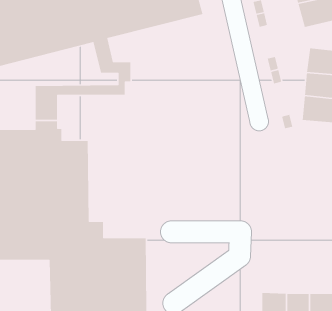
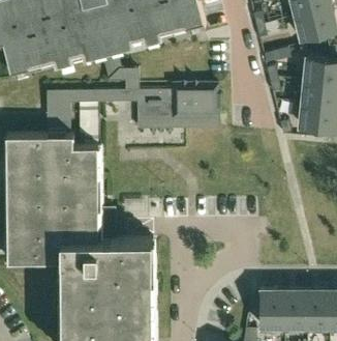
building: none -> [132,82,219,130]

